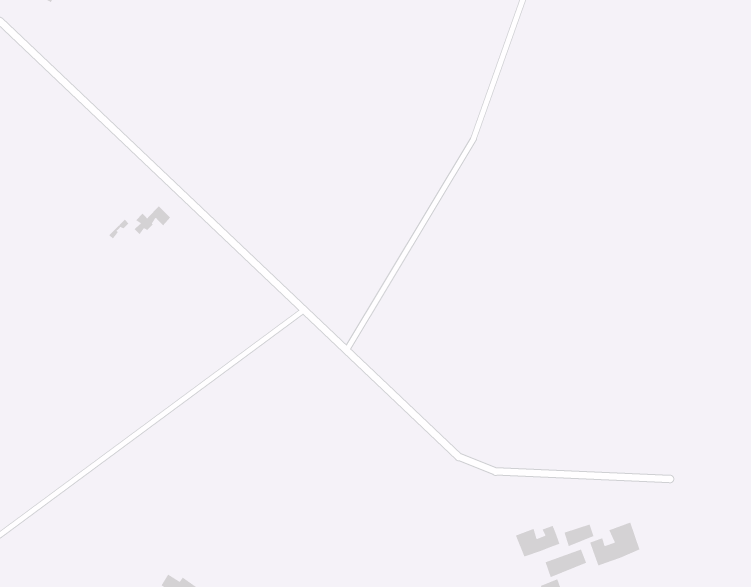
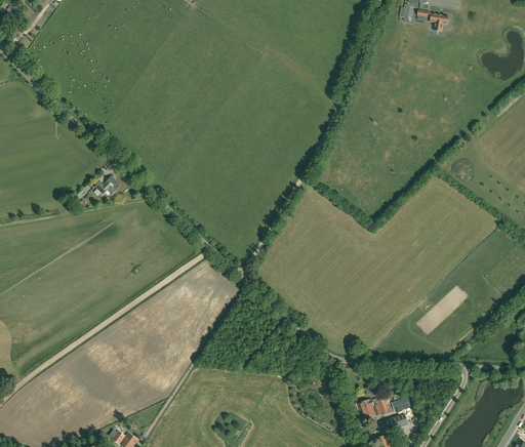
building: [589,522,641,567] -> none

